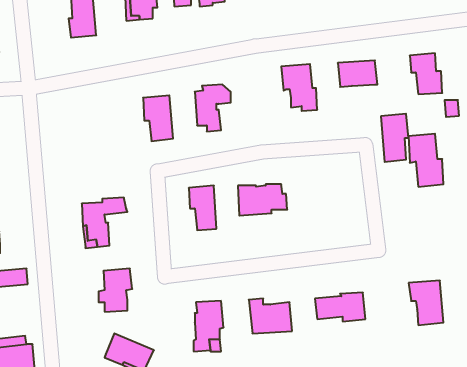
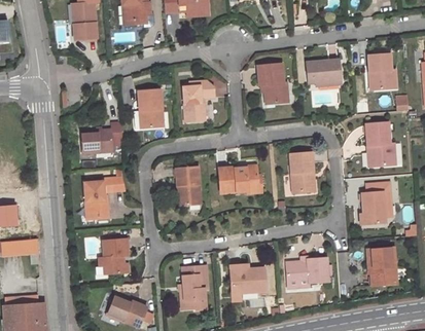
building: [381,114,409,162] -> [289,153,313,194]
building: none -> [81,122,121,154]
building: none -> [360,192,392,225]

